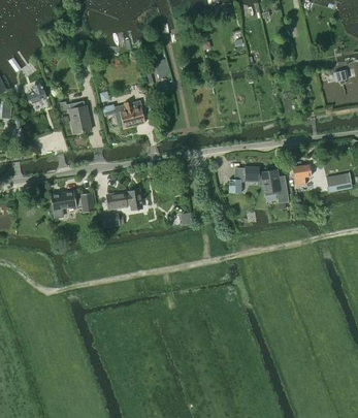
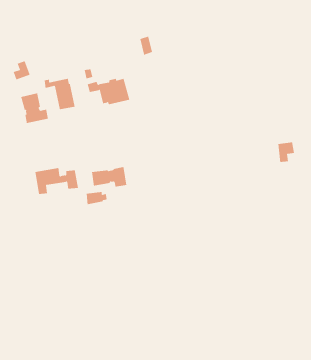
building: none -> [21,93,49,124]
building: [229,167,289,203] -> none

